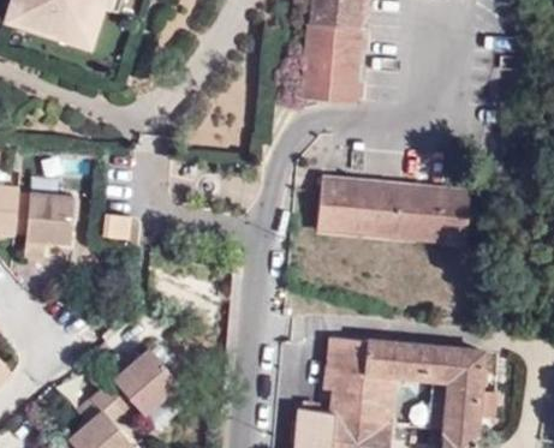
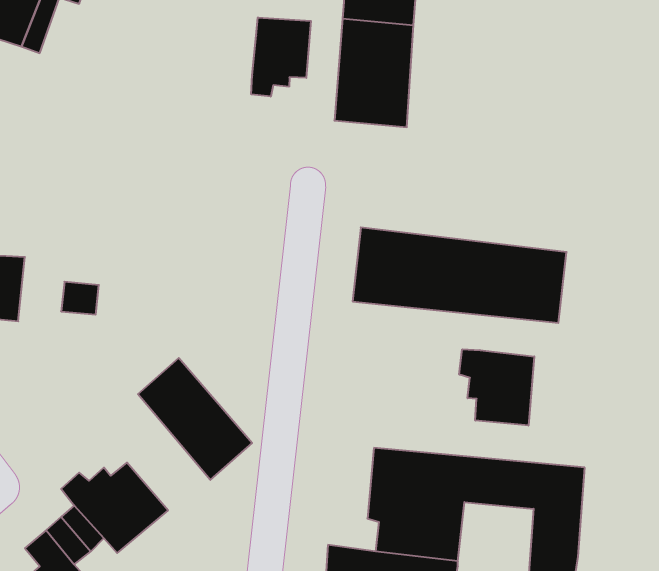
building: none -> [251,17,311,97]
building: none -> [459,349,534,426]
building: none -> [138,358,252,480]

